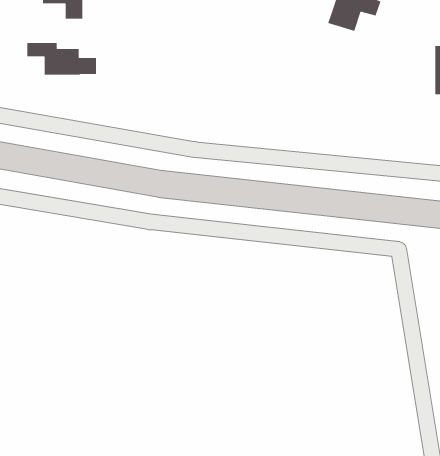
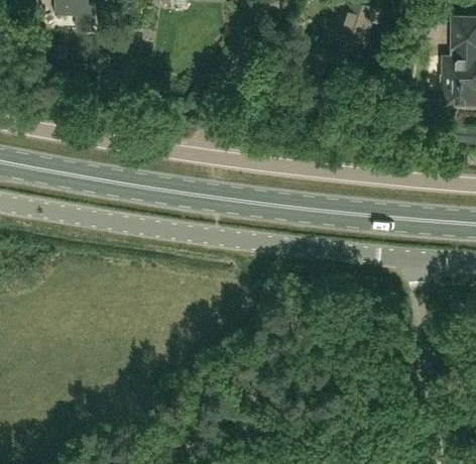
building: [26,42,97,76] -> none

